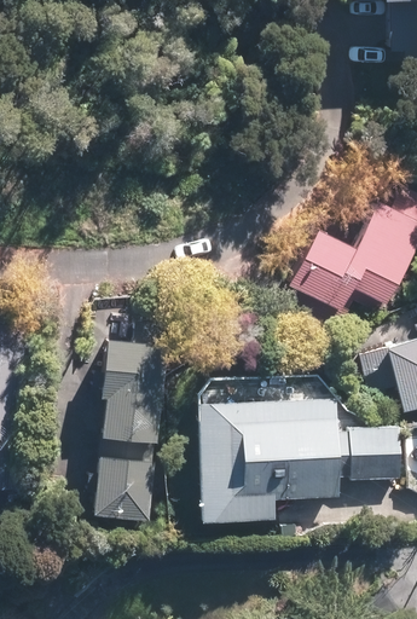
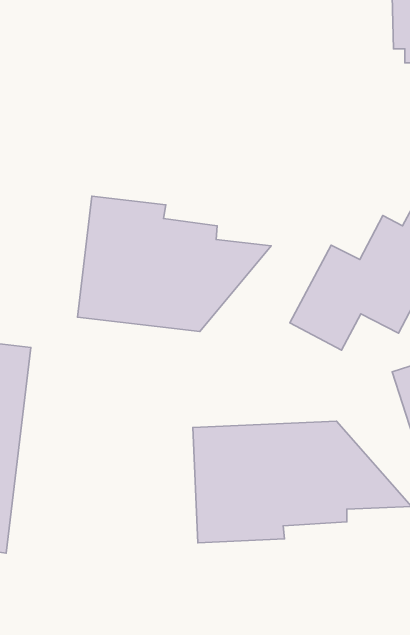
building: none -> [77,196,271,332]
building: [88,324,169,521] -> none

